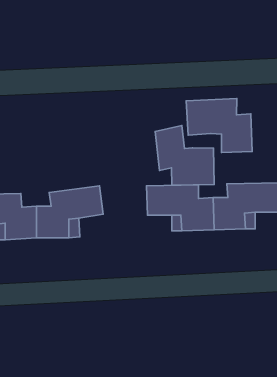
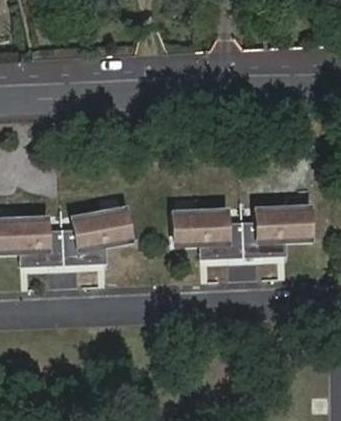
building: [186,99,252,152] -> none
building: [155,125,214,185] -> none

